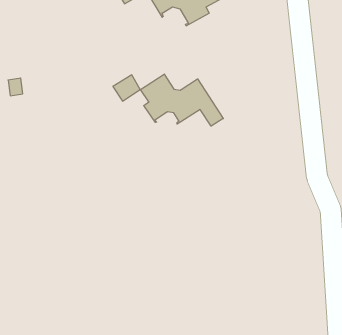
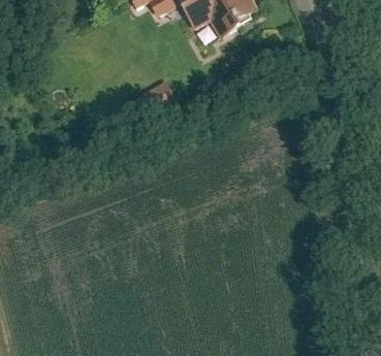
building: [141,74,223,126] -> none

